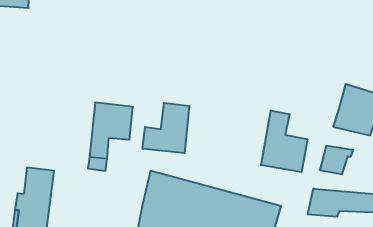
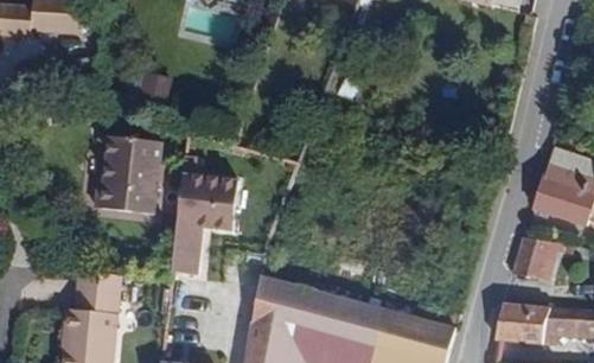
building: none -> [92,135,159,214]
building: [143,103,189,153] -> none
building: [261,110,307,172] -> none

